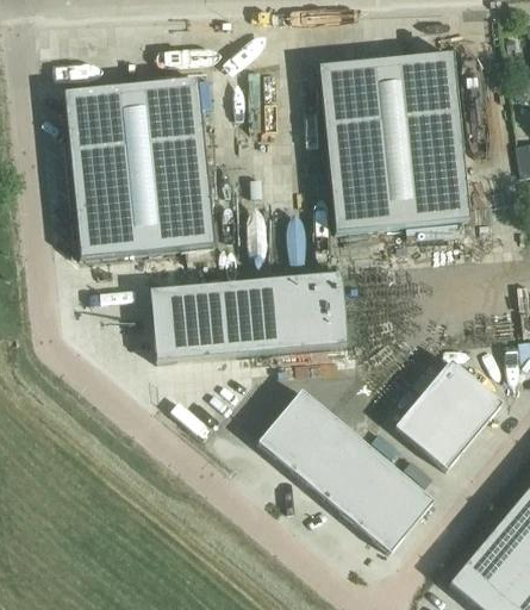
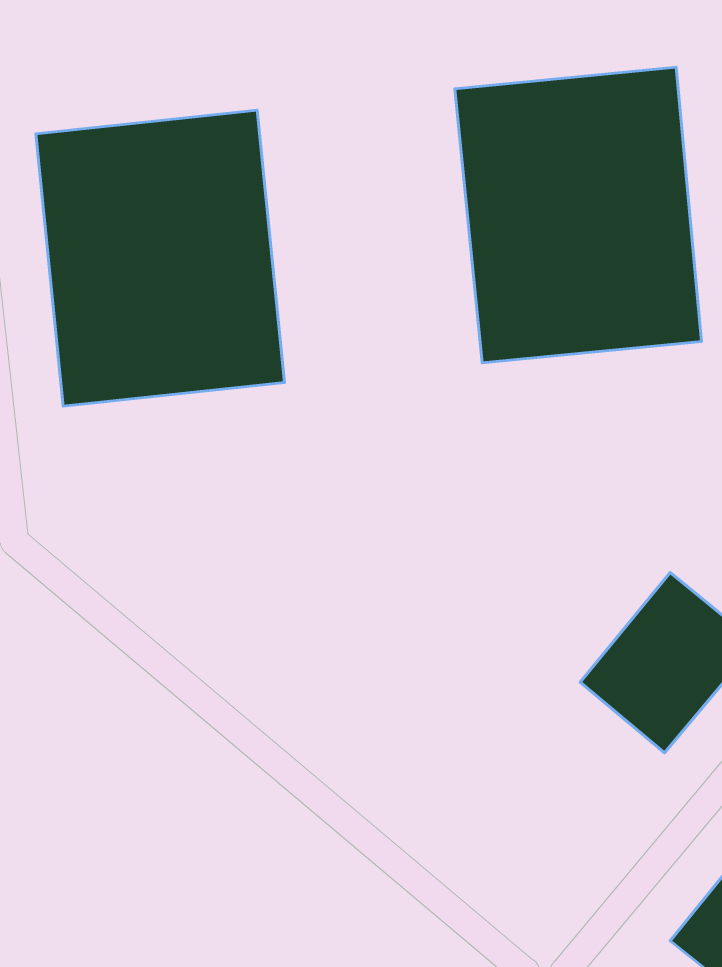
building: [150,272,348,361] -> none
building: [258,390,434,553] -> none

